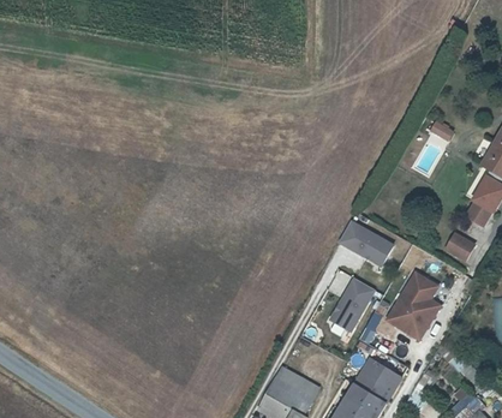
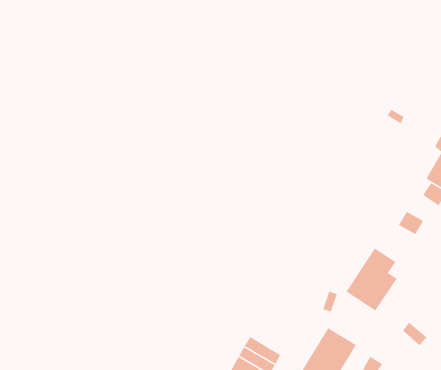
building: [339,220,398,268] -> none
building: [329,276,377,330] -> none

